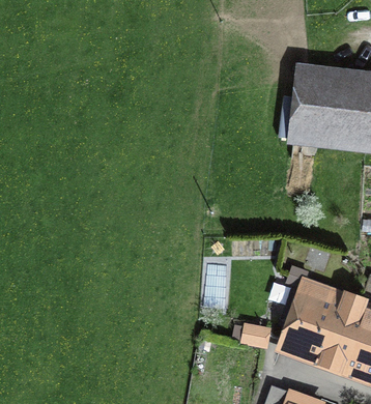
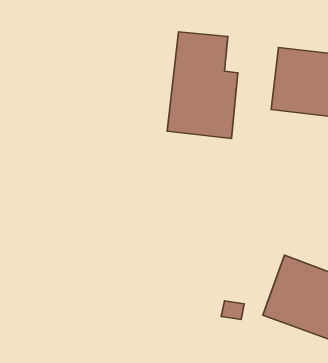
building: none -> [167,32,238,138]

